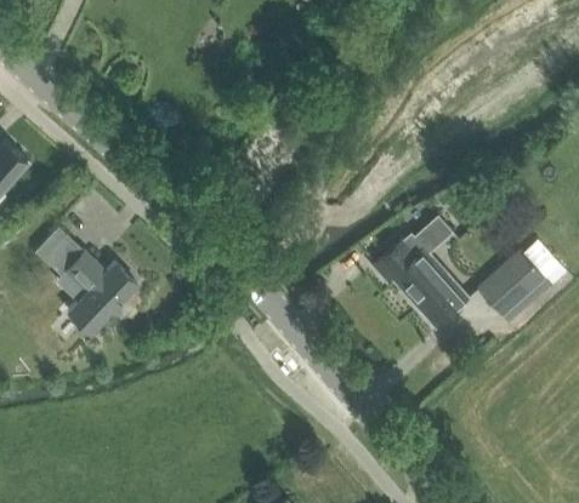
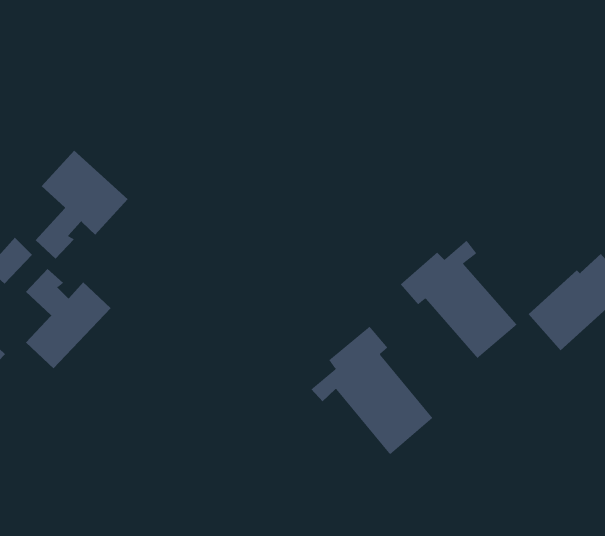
building: none -> [35,150,128,259]
building: none -> [310,326,433,455]

